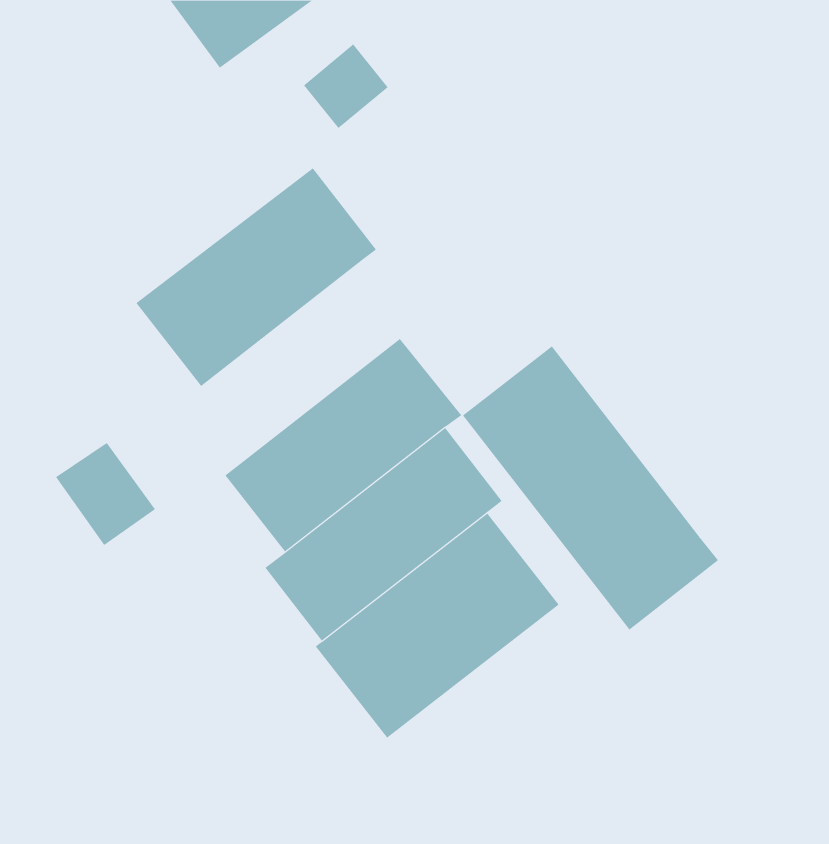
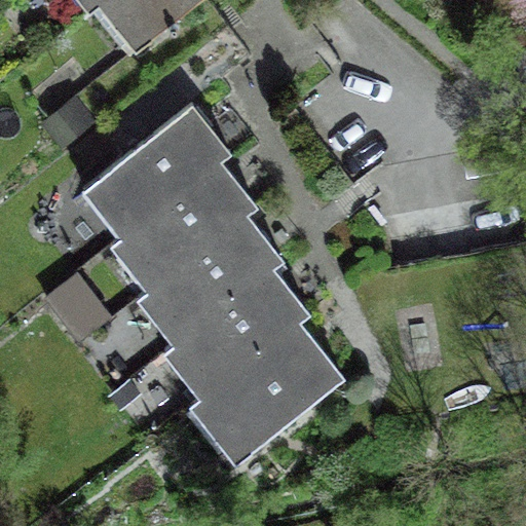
building: none -> [115,166,255,292]
building: [462,345,719,630] -> none

